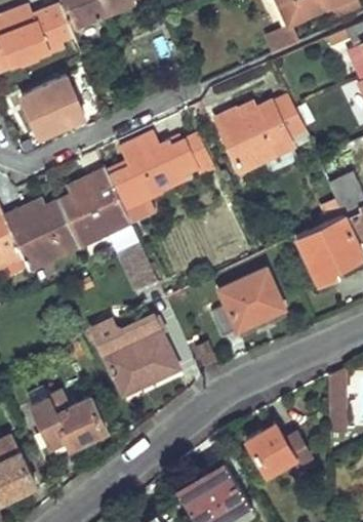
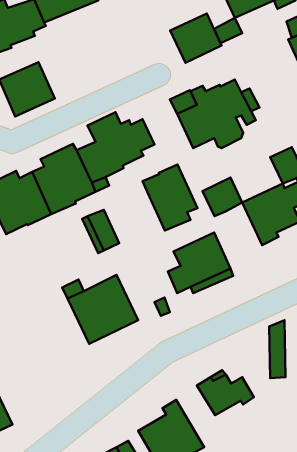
building: none -> [170,14,222,63]
building: none -> [142,165,198,230]
building: none -> [203,178,242,216]
building: [27,388,106,454] -> none

